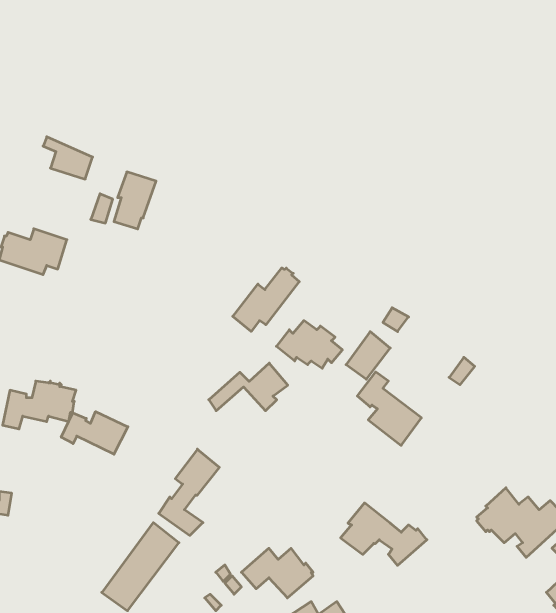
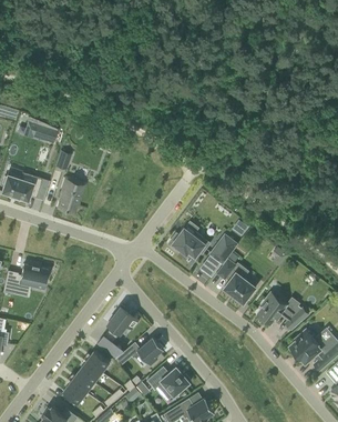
building: [114,172,156,229] -> [59,178,84,212]
building: [233,268,299,331] -> none
building: [209,363,288,411] -> [116,336,164,365]
building: [61,412,128,454] -> none
building: [341,503,427,565] -> [257,292,309,330]

